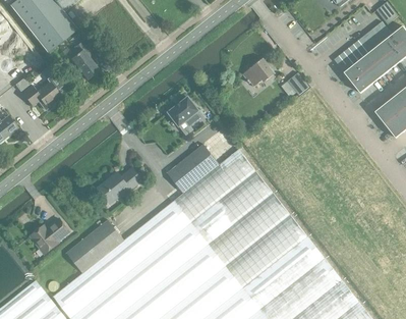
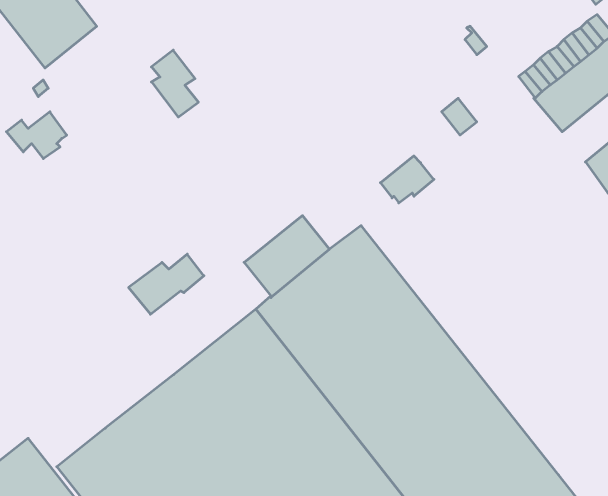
building: [71,40,100,81] -> [151,50,198,117]
building: [243,59,276,88] -> [380,156,434,203]
building: [169,98,200,126] -> none
building: [31,219,70,255] -> none
building: [67,220,125,274] -> none

